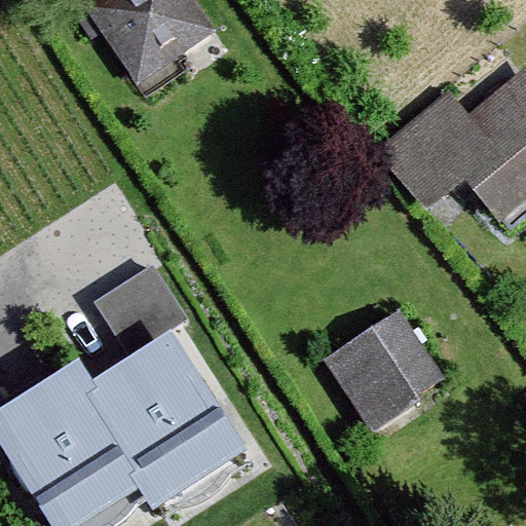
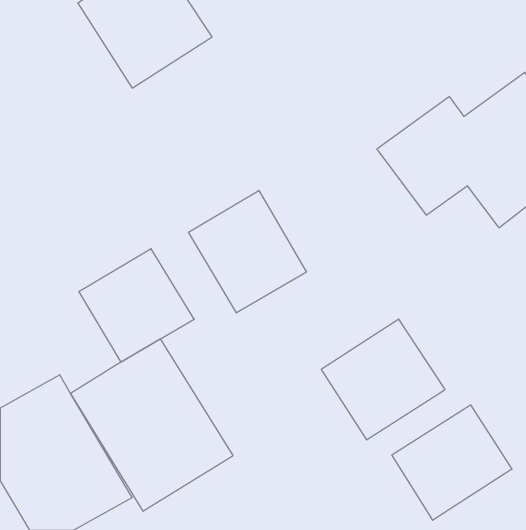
building: none -> [189,190,306,313]
building: none -> [392,405,512,520]

